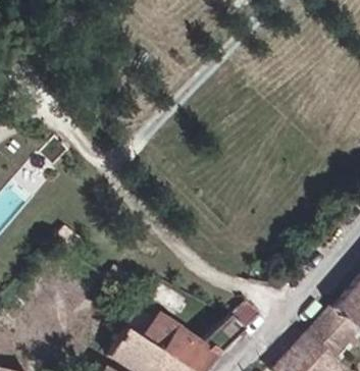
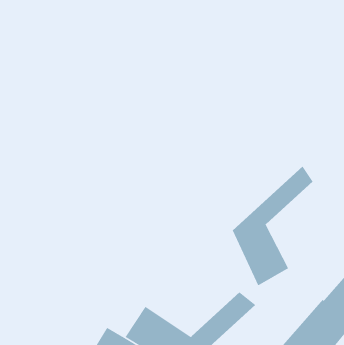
building: none -> [232,165,313,286]

